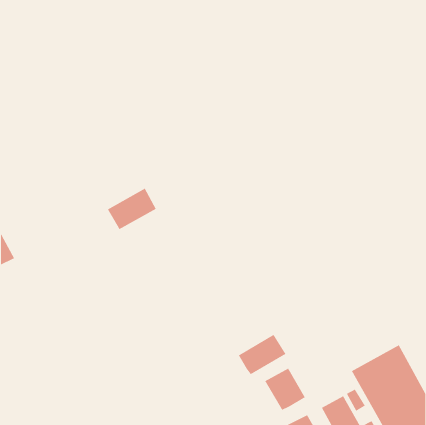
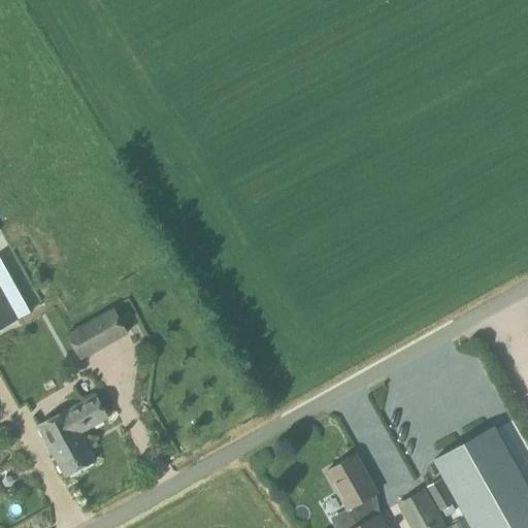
building: [107,188,157,230] -> [66,308,128,361]
building: none -> [39,396,108,477]
building: [238,334,287,375] -> none

